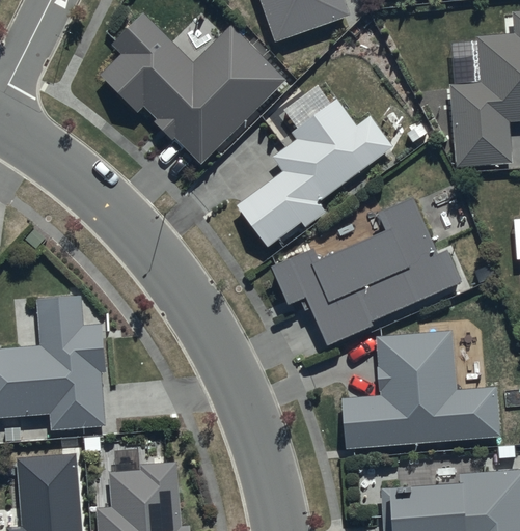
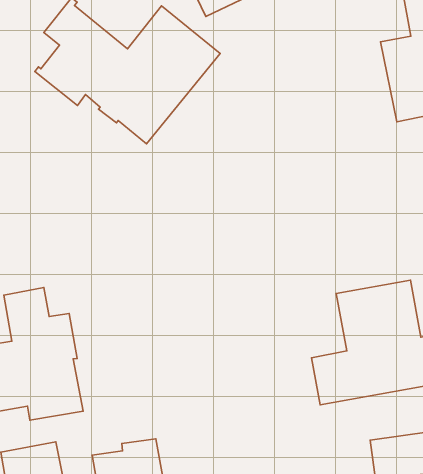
building: [237,86,393,247] -> none
building: [273,199,462,344] -> none

